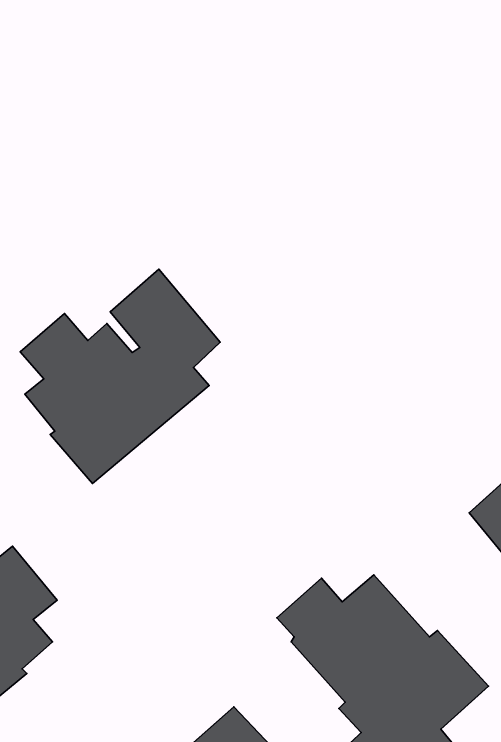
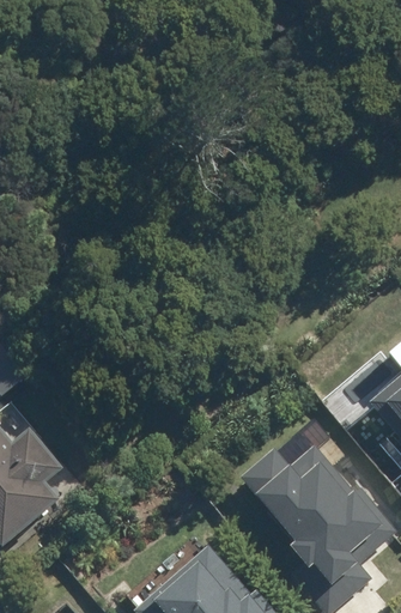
building: [20,269,220,484] -> none

